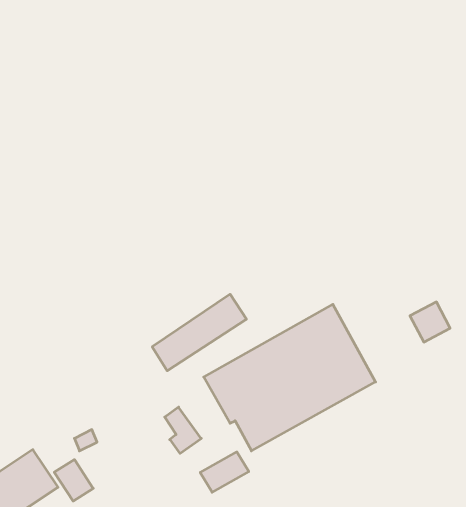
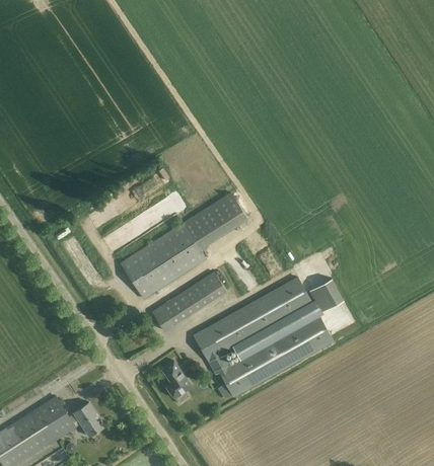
building: none -> [120,192,247,299]
building: [410,302,450,342] -> [309,280,342,312]
building: [200,452,249,492] -> none

